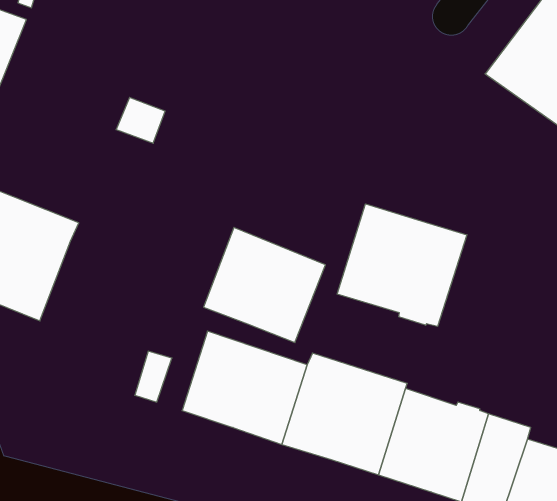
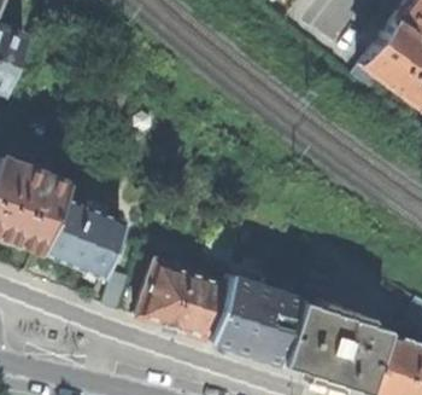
building: [337,204,467,326] -> none
building: [204,227,325,343] -> [37,194,124,277]

